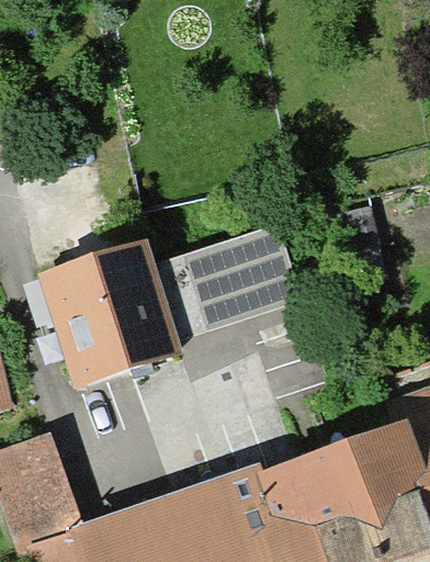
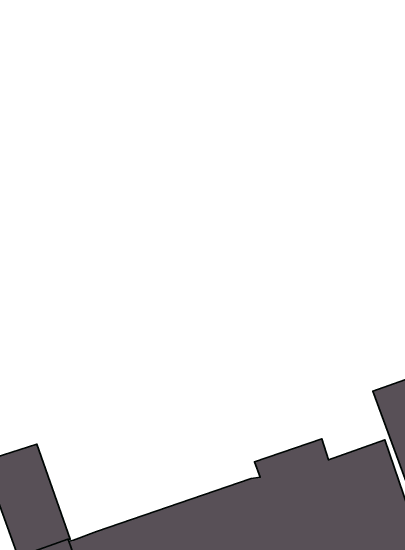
building: [48,235,295,369] -> none

